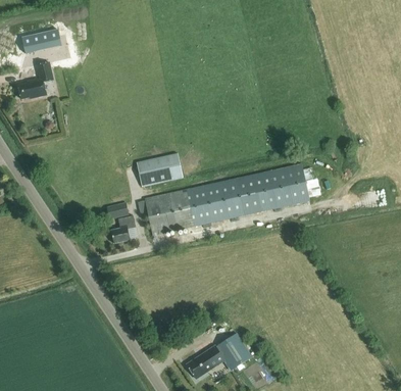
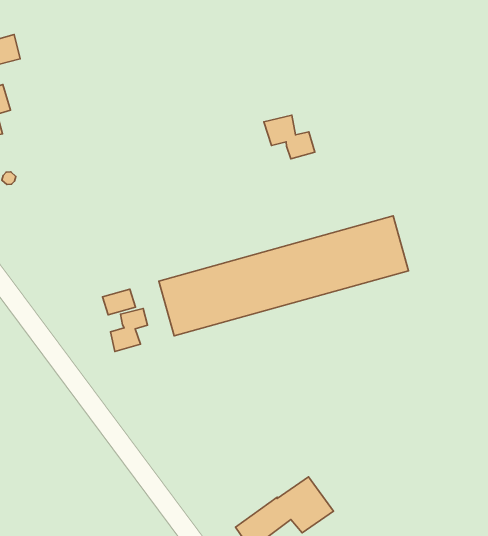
building: none -> [264,115,315,159]
building: [136,153,183,187] -> none

